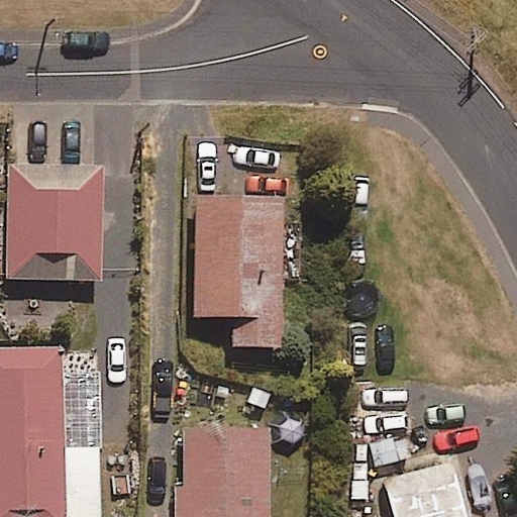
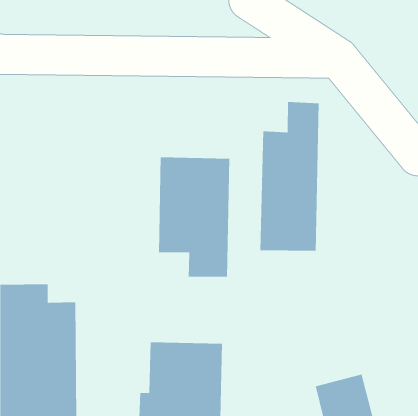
building: none -> [260,101,319,252]
building: [6,167,103,284] -> none

